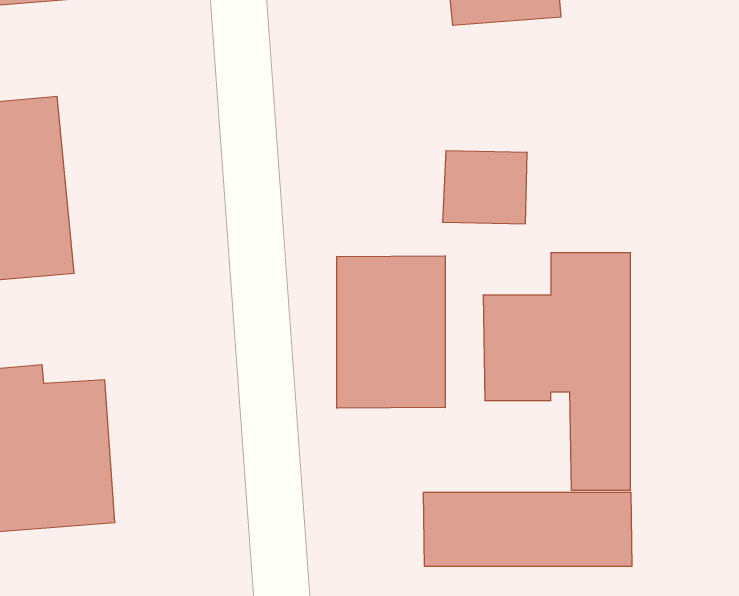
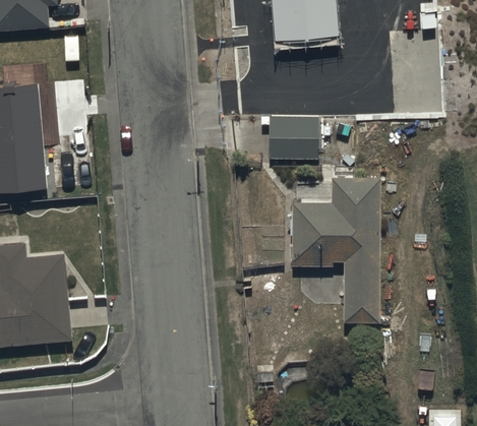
building: [337,256,445,408] -> none
building: [424,492,632,566] -> none

